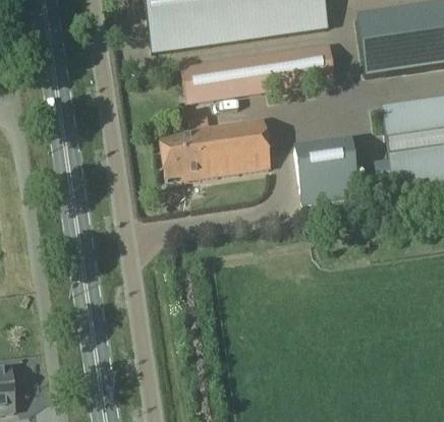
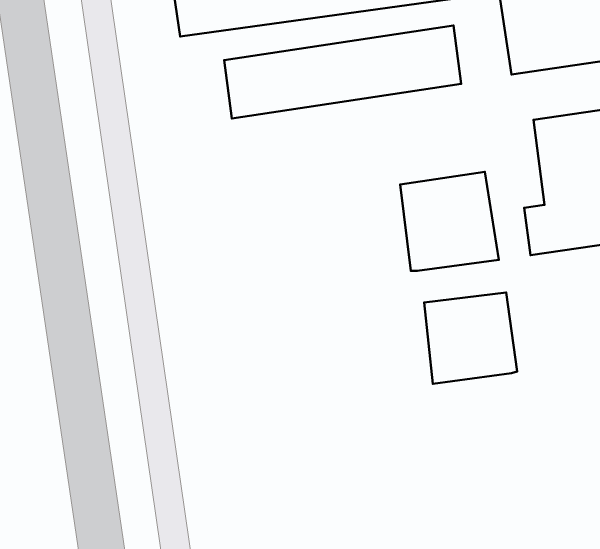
building: [160,119,270,180] -> none
building: none -> [424,293,517,384]

